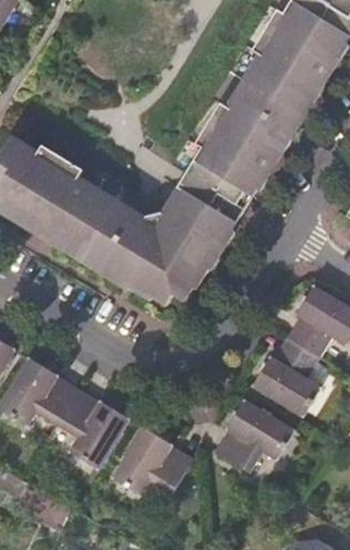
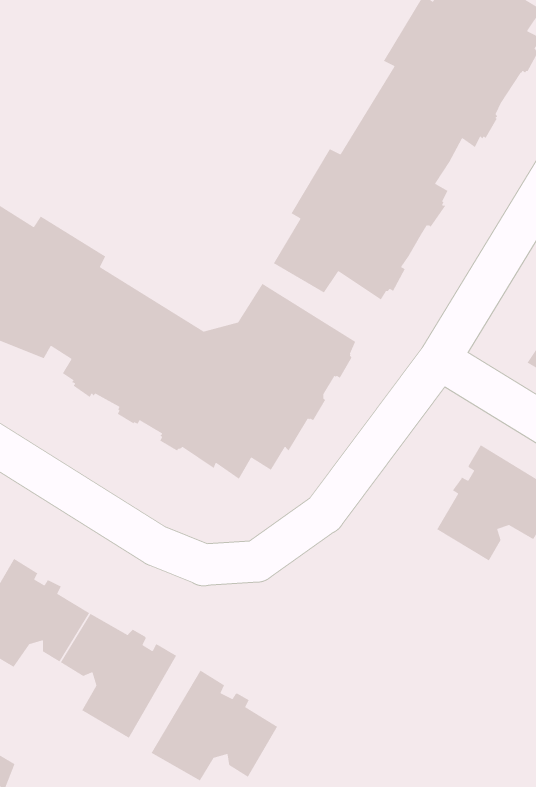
building: [253,339,322,417] -> none
building: [218,400,295,472] -> none

